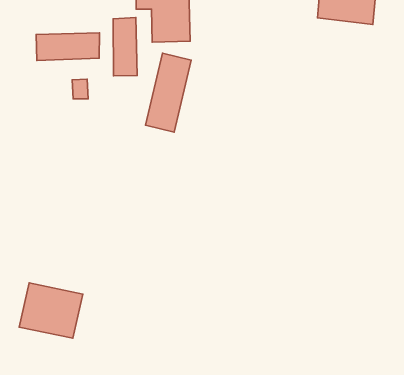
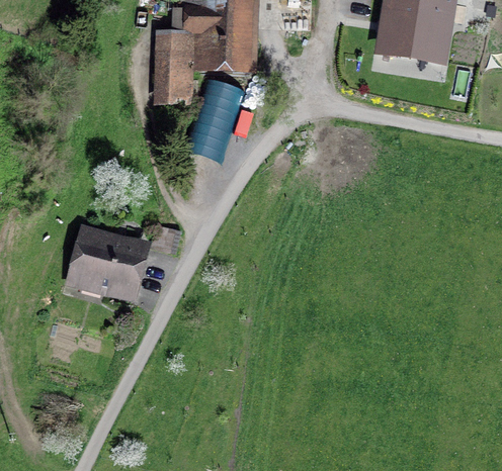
building: [36,33,99,61] -> none
building: [19,283,83,338] -> [72,236,142,297]

